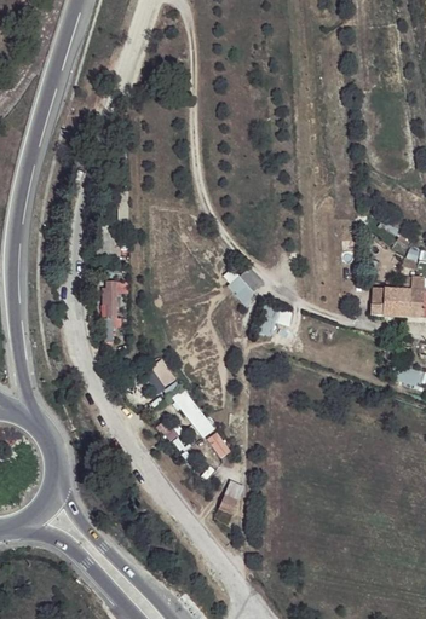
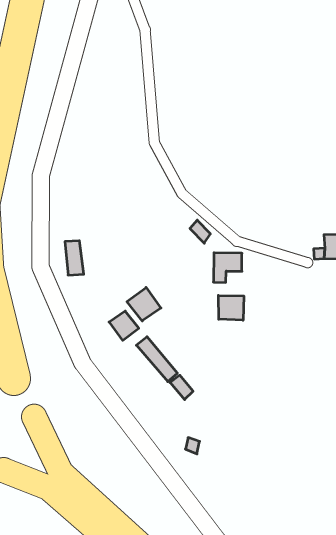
building: none -> [127,287,161,321]
building: none -> [218,295,244,320]

